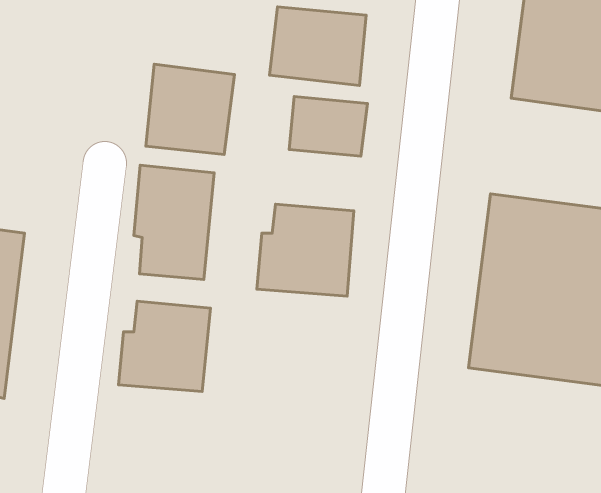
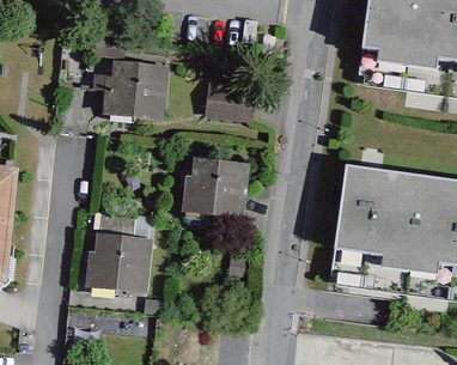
building: [269,7,366,85] -> none
building: [134,165,214,279] -> none

